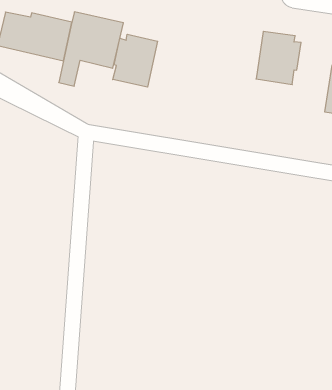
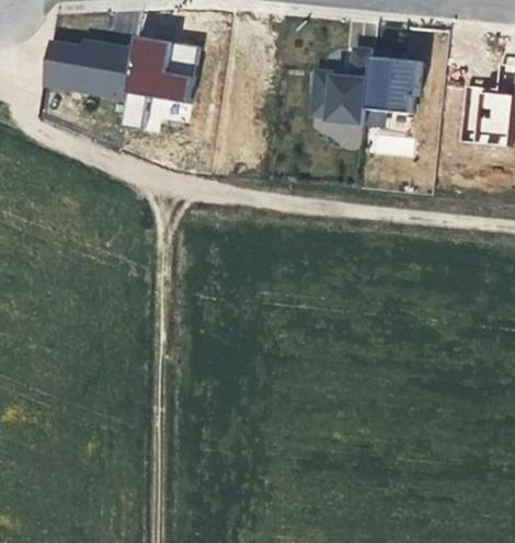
building: none -> [313,43,375,125]
building: [113,34,158,87] -> none

